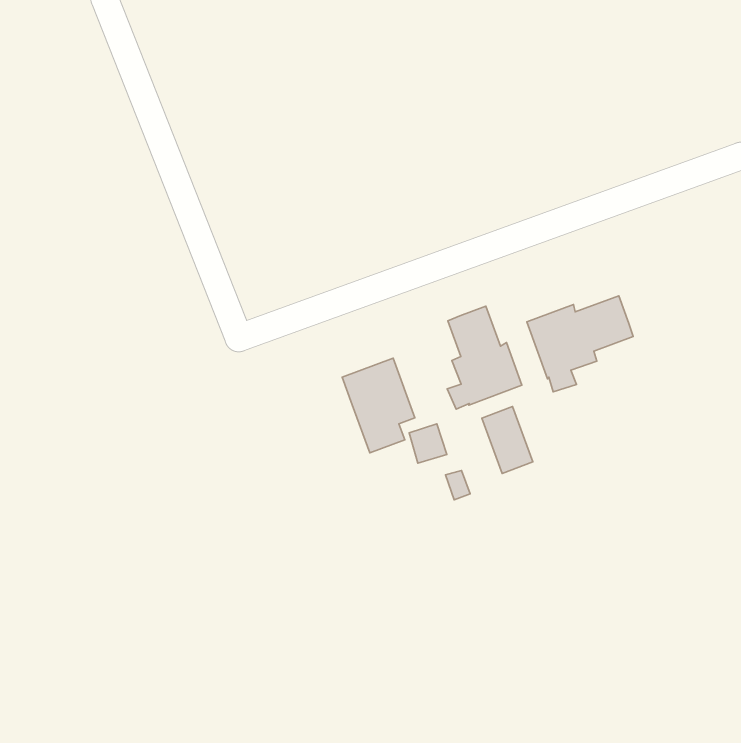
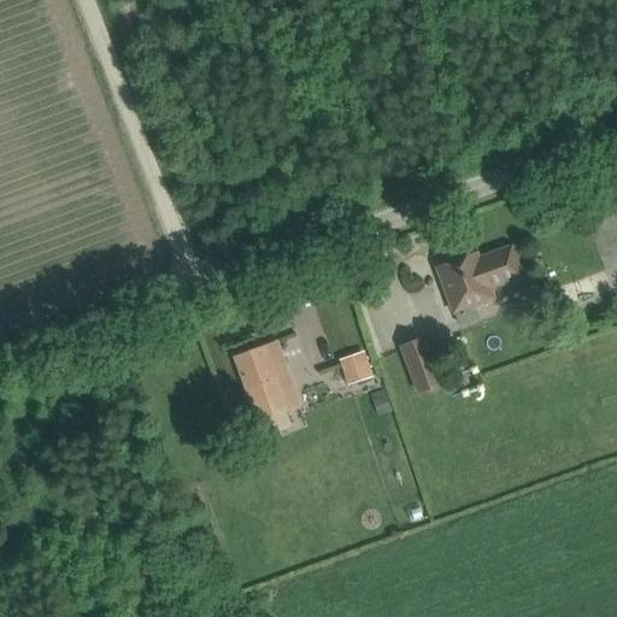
building: [447,306,522,409] -> none
building: [342,358,415,453] -> [234,341,294,419]

